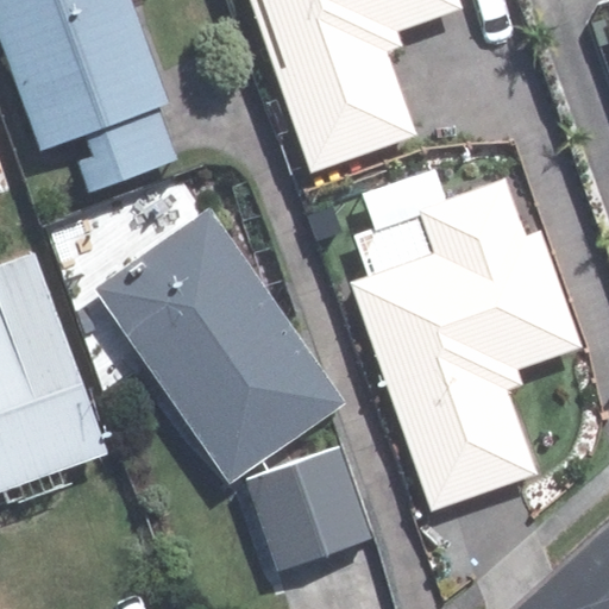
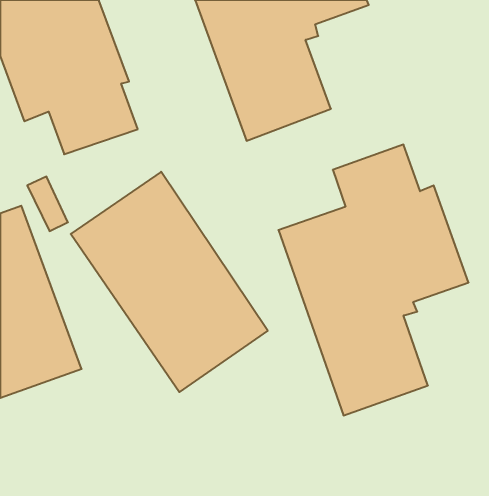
building: [250,447,372,567] -> none

